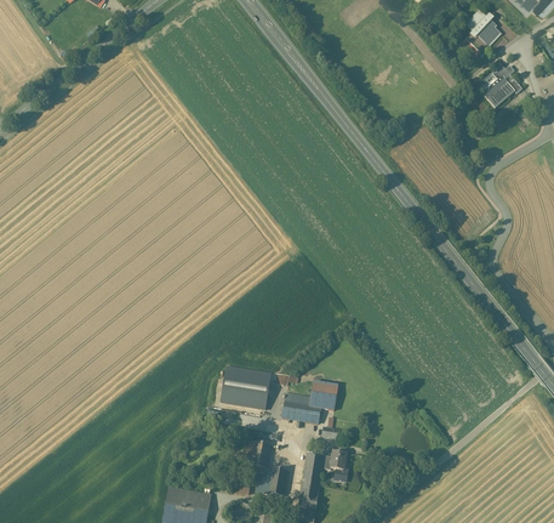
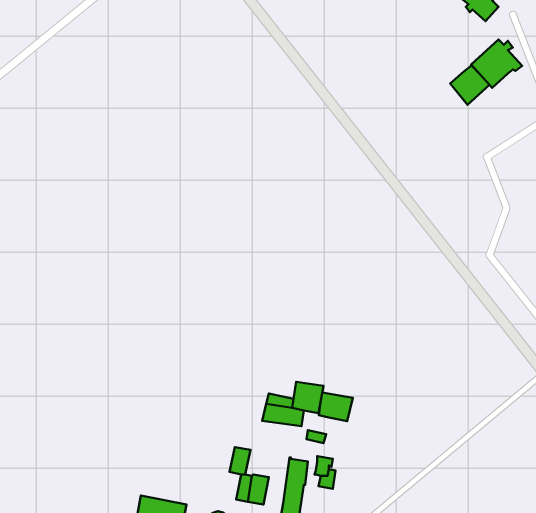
building: none -> [450,65,489,105]
building: [219,366,269,409] -> none
building: none -> [319,393,353,421]

